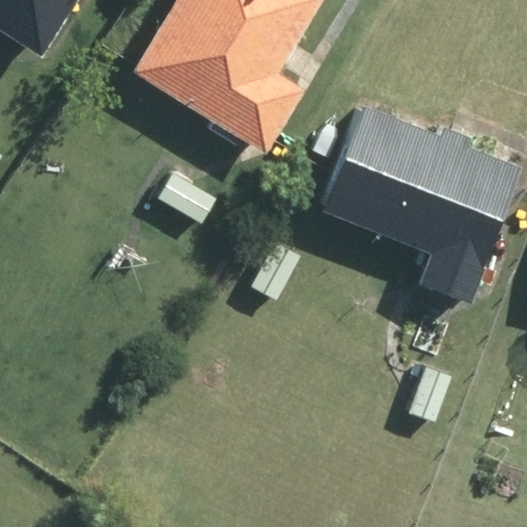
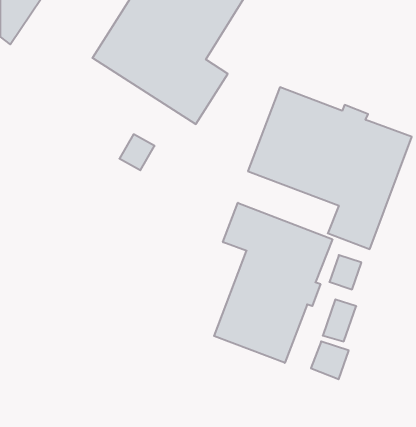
building: none -> [214,203,332,363]

